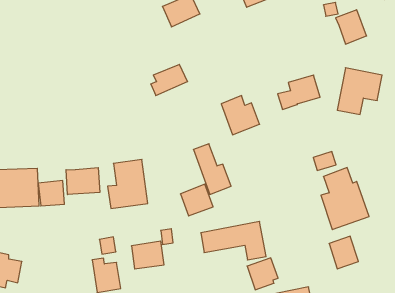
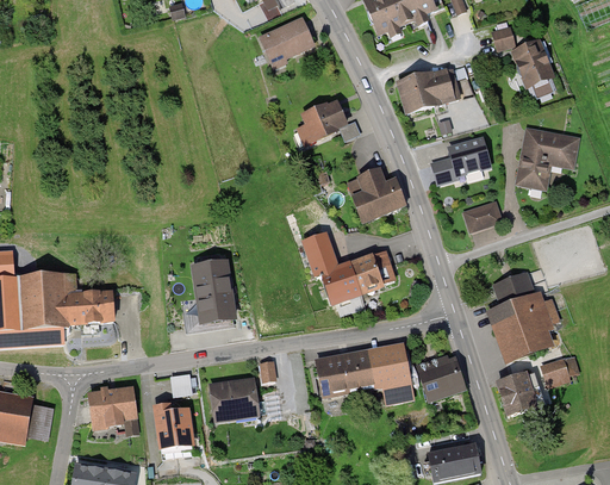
building: none -> [402,70,458,114]
building: [151,64,188,96] -> [299,99,353,144]
building: [313,152,336,170] -> [465,200,498,228]
building: [66,168,100,195] -> none
building: [180,184,213,216] -> [347,250,394,297]
building: none -> [546,354,583,383]
building: none -> [92,384,142,429]
building: [247,258,278,290] -> [419,356,465,403]

